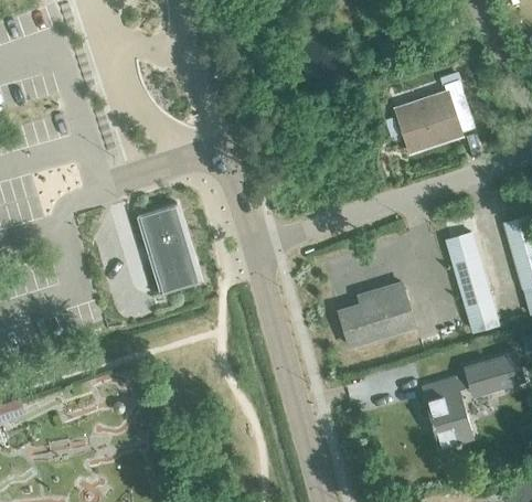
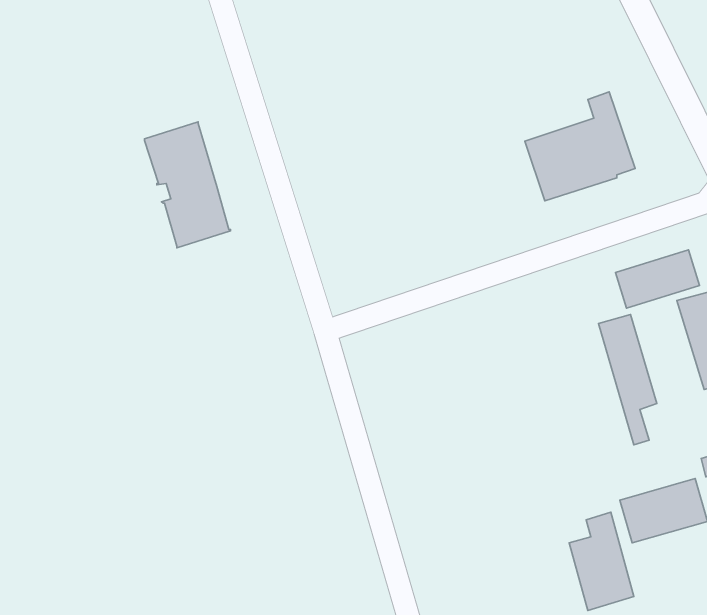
building: none -> [615,250,700,308]
building: [137,204,199,295] -> [145,122,231,248]
building: [338,284,414,348] -> none

